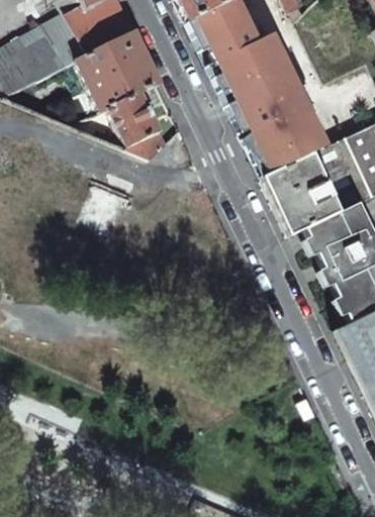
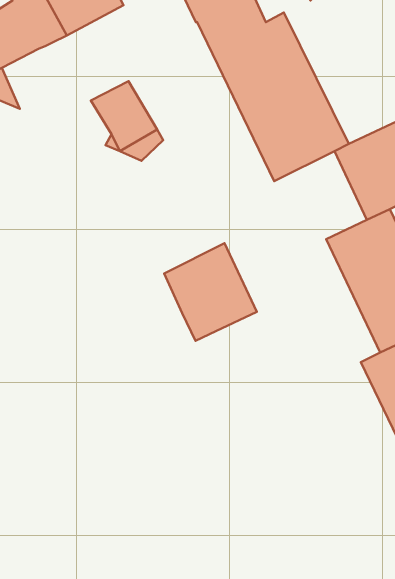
building: [79,28,163,111] -> none
building: [265,150,343,232] -> [164,243,257,341]

